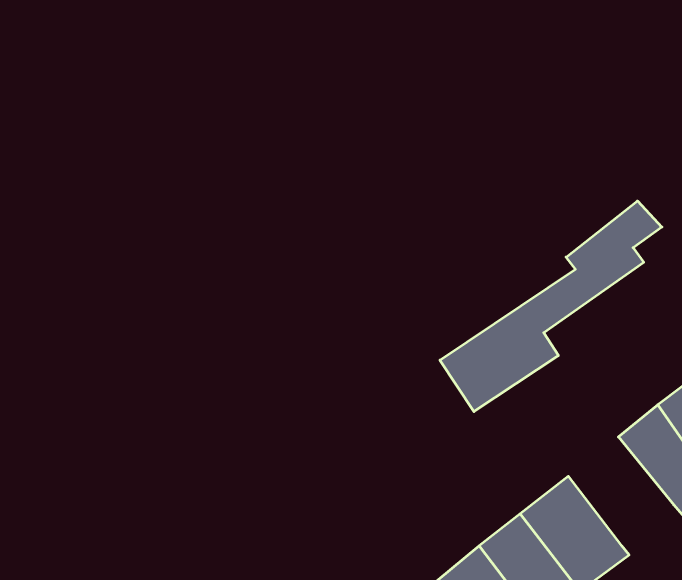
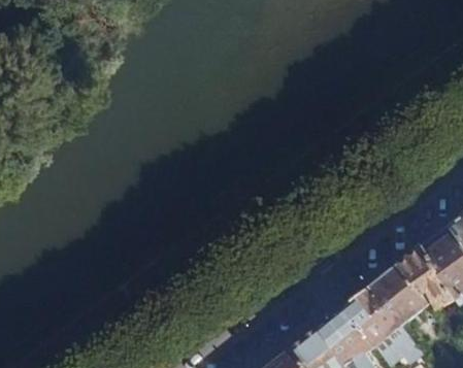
building: [440,201,662,412] -> none
building: none -> [370,263,431,326]

